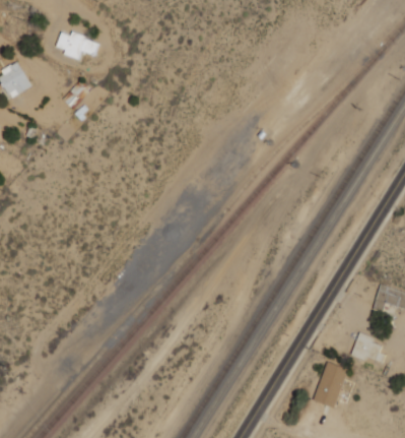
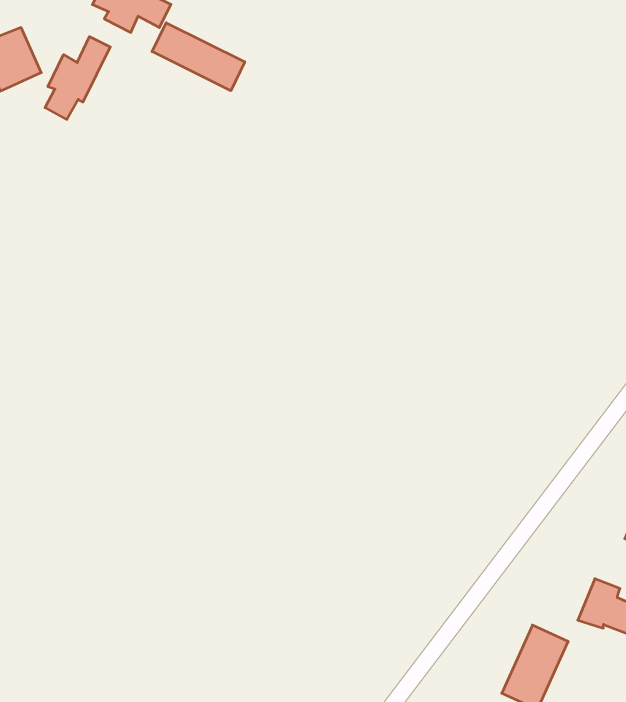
building: none -> [152,23,245,91]
building: none -> [45,37,110,119]

